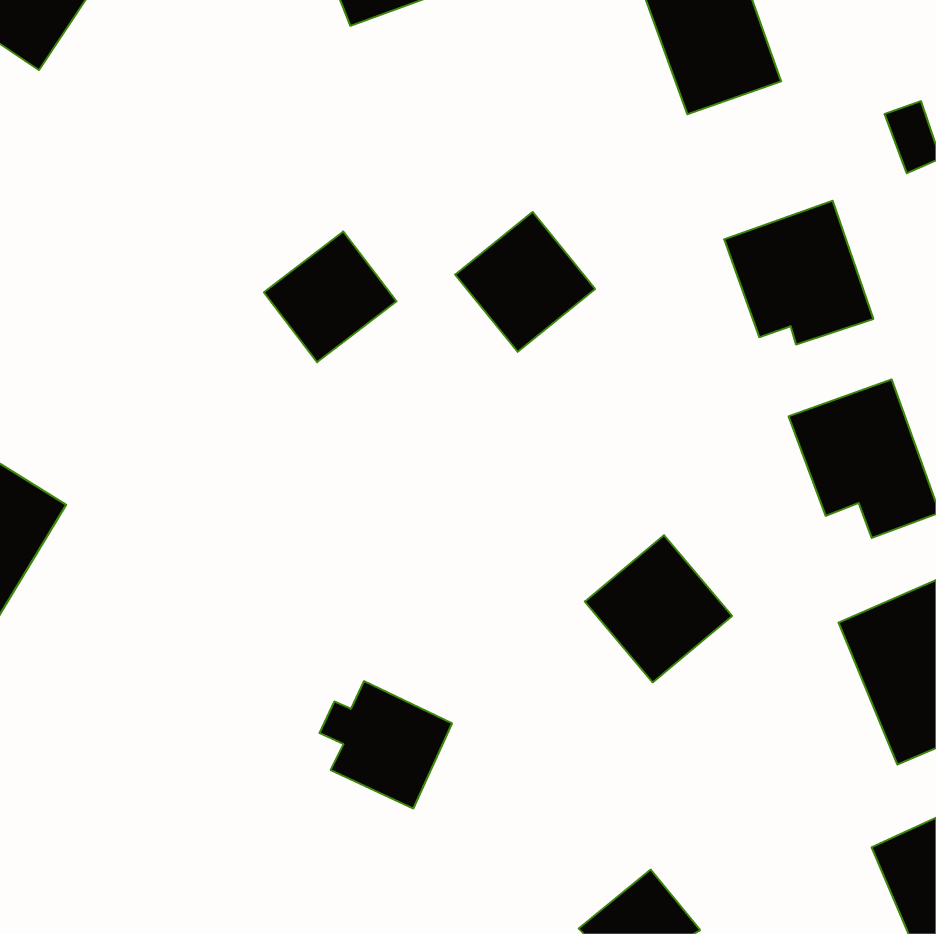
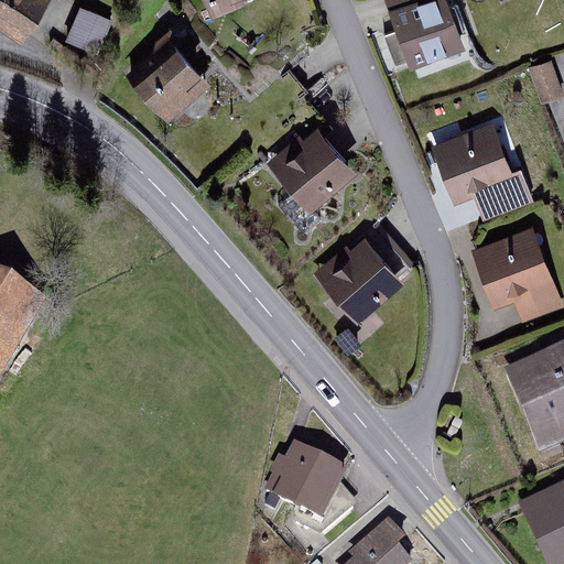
building: none -> [67,9,112,55]
building: [264,231,397,362] -> [133,44,213,122]
building: [585,535,732,682] -> [314,235,402,323]
building: [319,681,452,808] -> [268,446,347,522]

